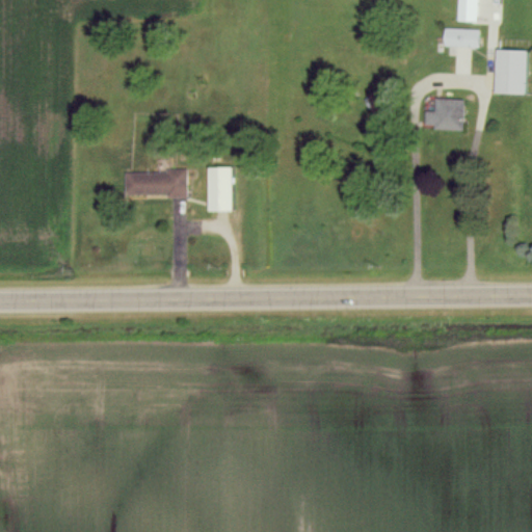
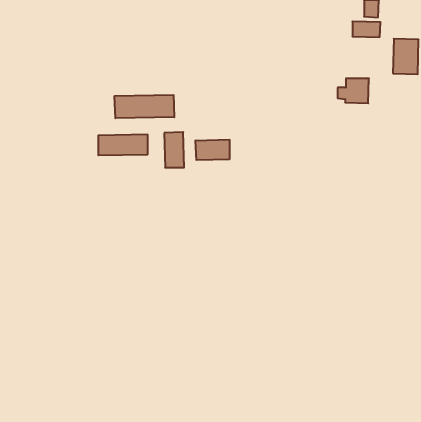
building: none -> [115,95,174,118]
building: none -> [196,140,229,160]

